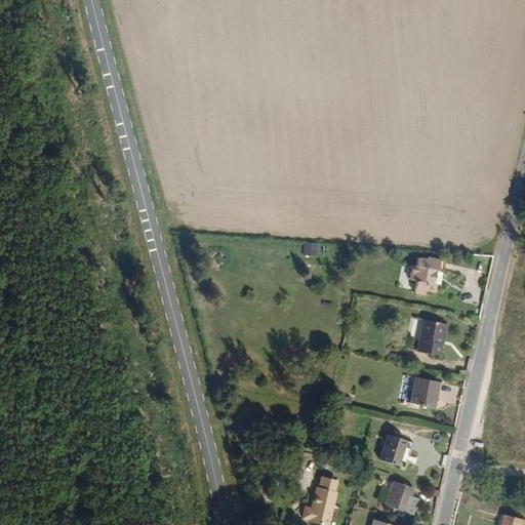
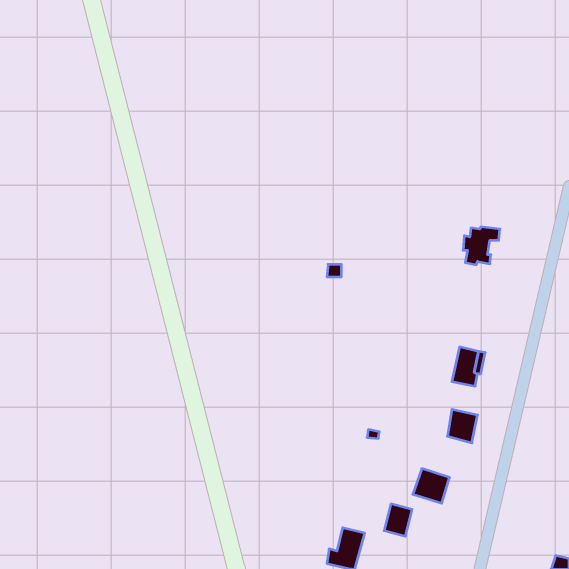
building: [410,257,444,292] -> [463,227,500,265]
building: [386,481,411,511] -> [384,504,412,536]

